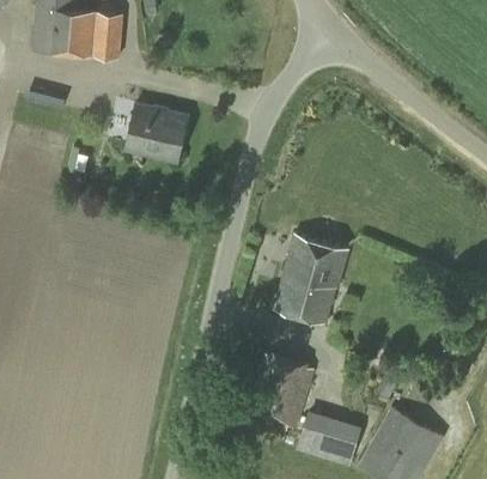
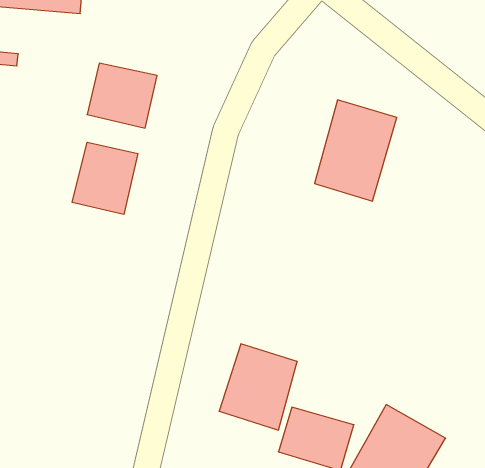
building: none -> [72,142,138,214]
building: [274,235,347,325] -> [315,100,397,201]

